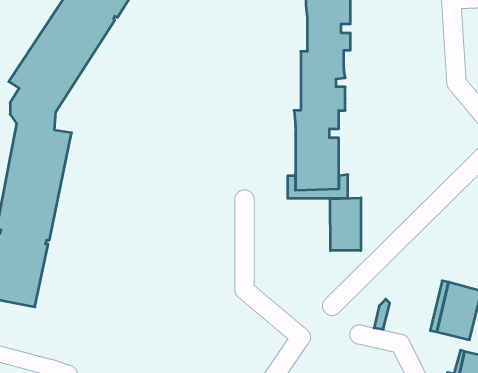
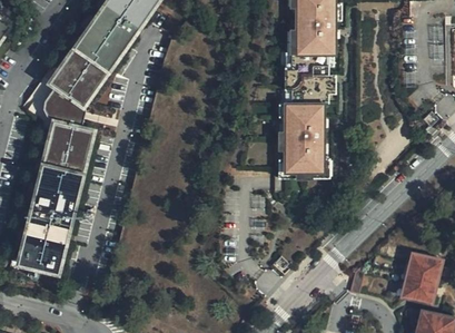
building: [330,198,361,251] -> none

